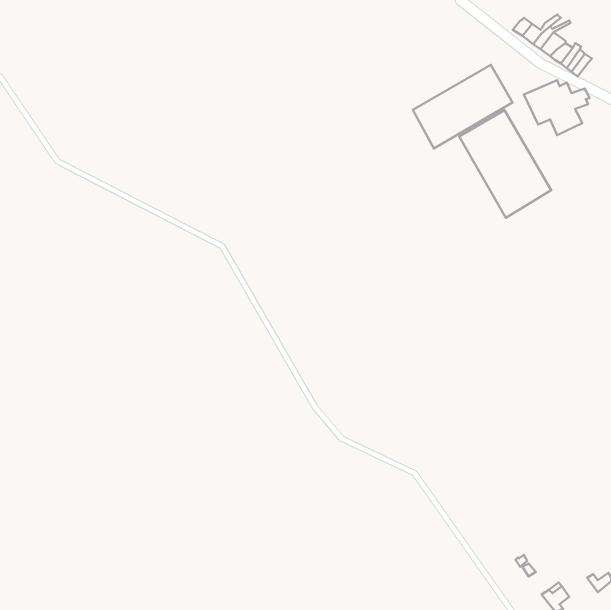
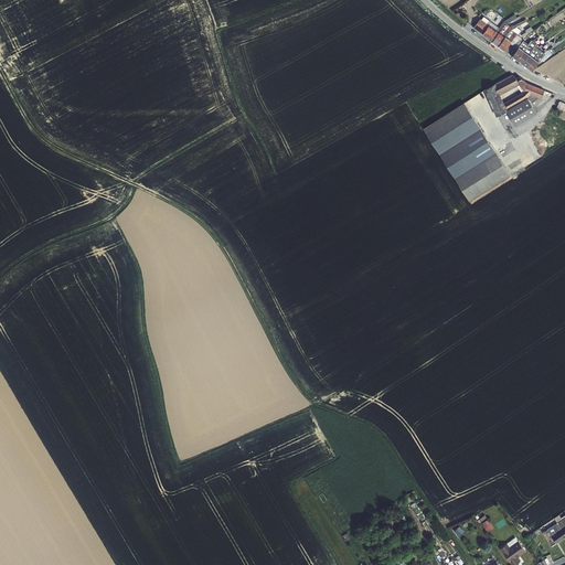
building: [413,65,513,148] -> none

